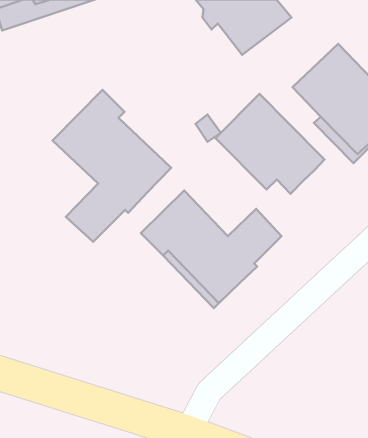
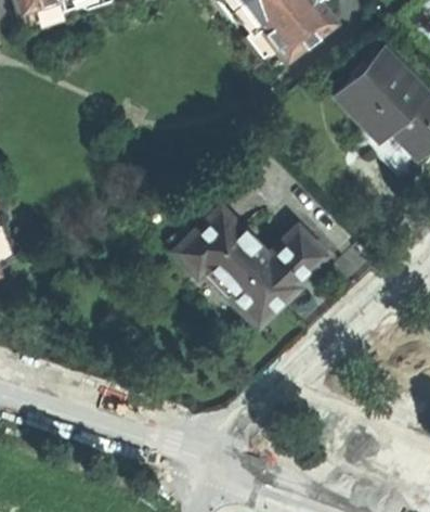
building: [53,90,171,242] -> none
building: [215,94,324,194] -> none

